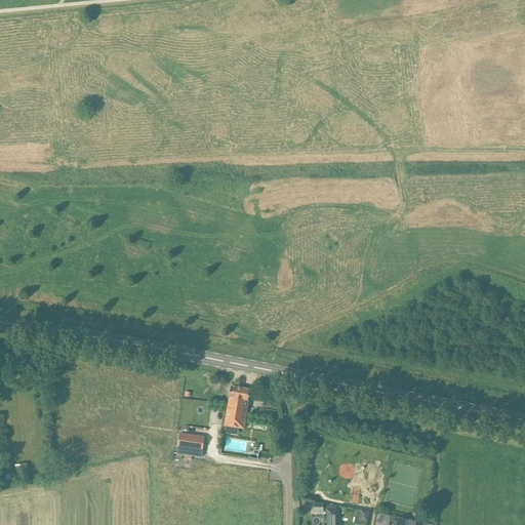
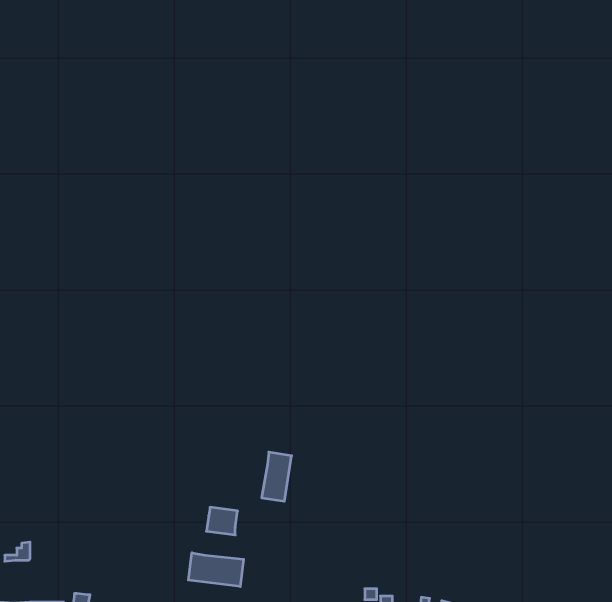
building: none -> [188,553,244,587]

